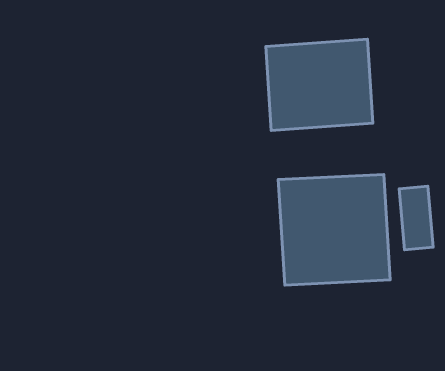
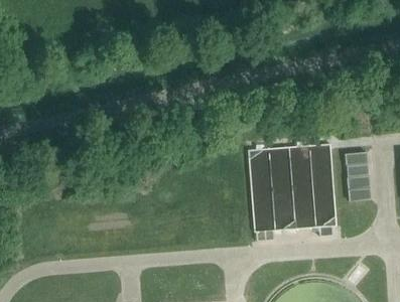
building: [266,39,373,131] -> none

